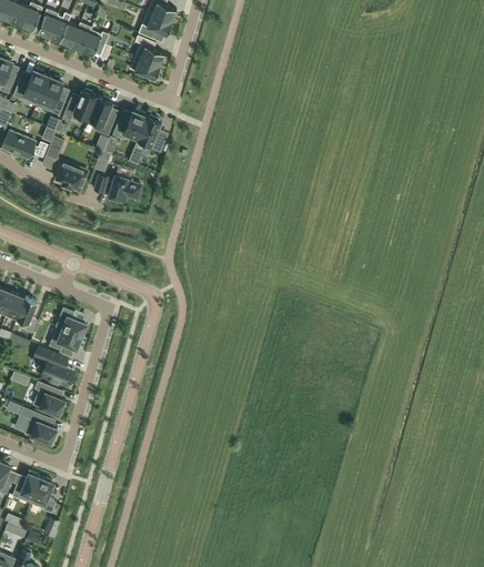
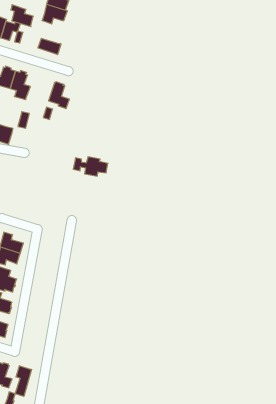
building: [135,36,164,67] -> [11,5,33,27]
building: [113,110,148,140] -> none
building: [94,175,141,202] -> [73,157,108,176]
building: none -> [15,366,32,396]

